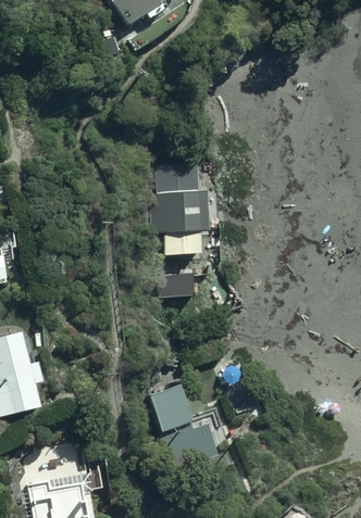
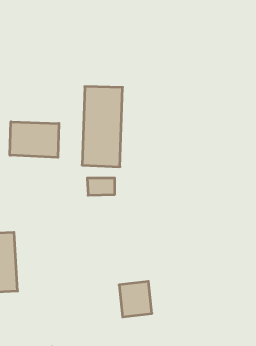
building: none -> [10,122,59,157]

